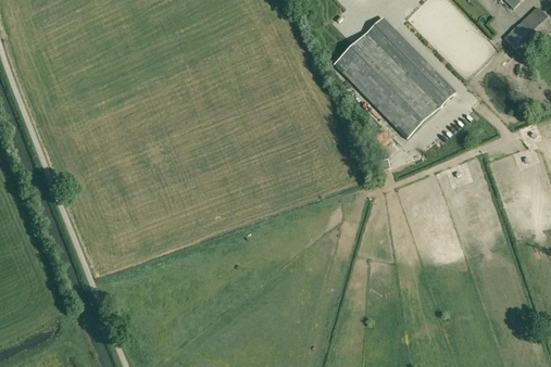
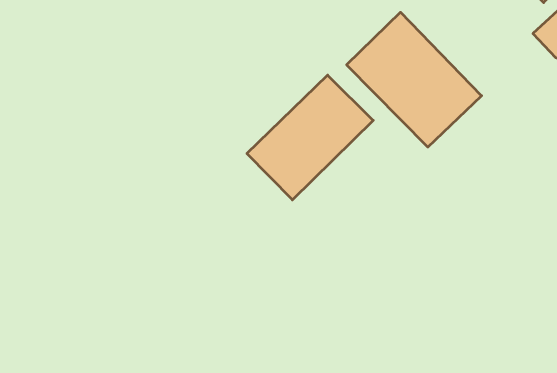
building: none -> [247,75,373,200]

